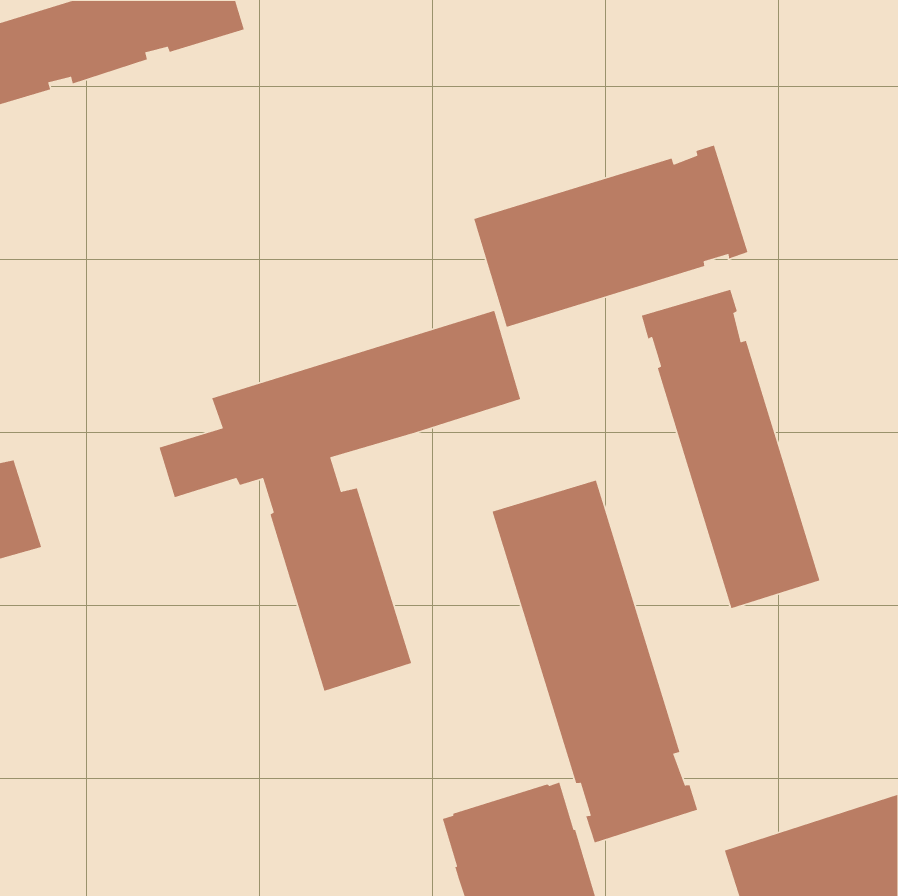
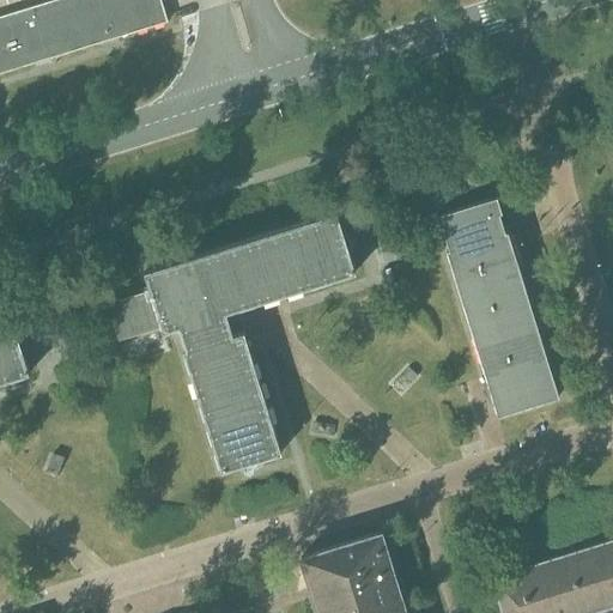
building: [473,145,749,328] -> none
building: [491,480,698,843] -> none

